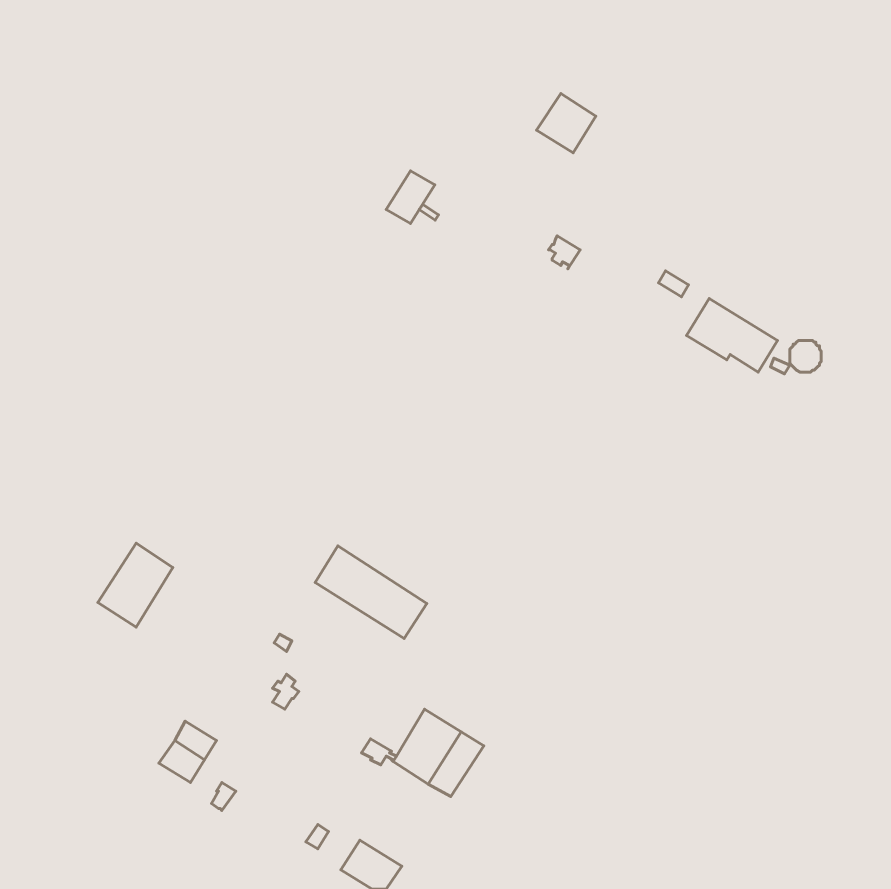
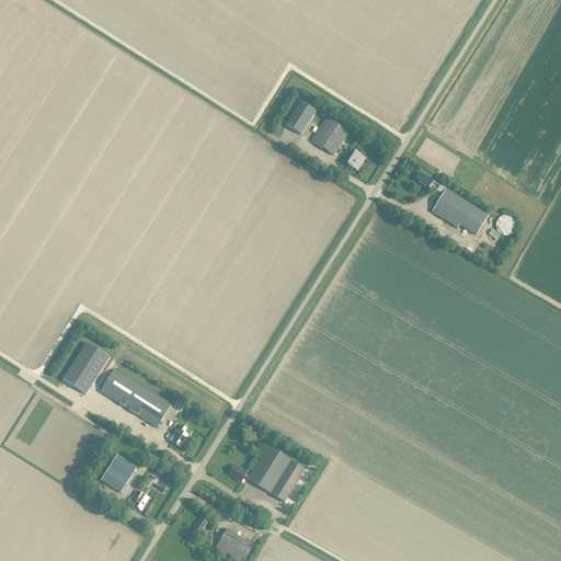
building: [536,93,596,153] -> [310,116,347,153]
building: [386,171,435,223] -> [285,100,316,133]
building: [315,546,427,638] -> [100,367,170,425]

